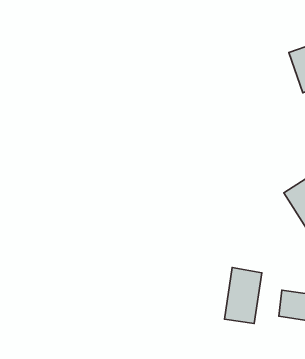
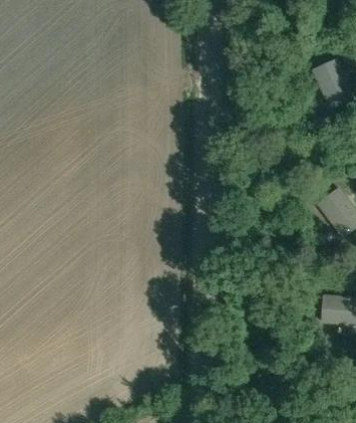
building: [224,267,262,323] -> none

